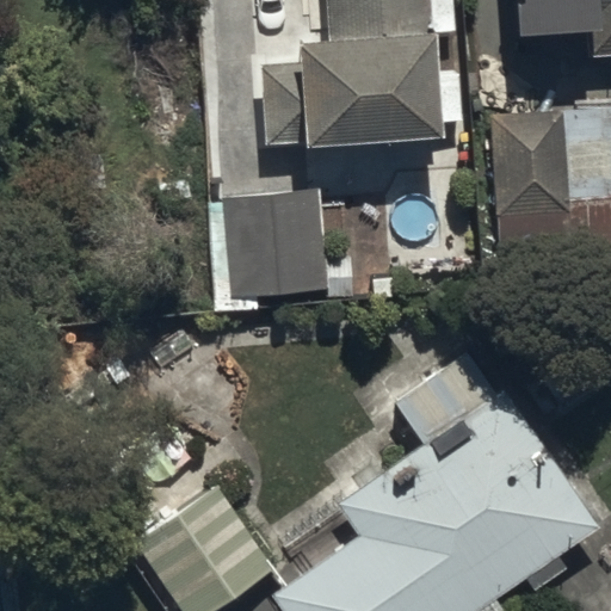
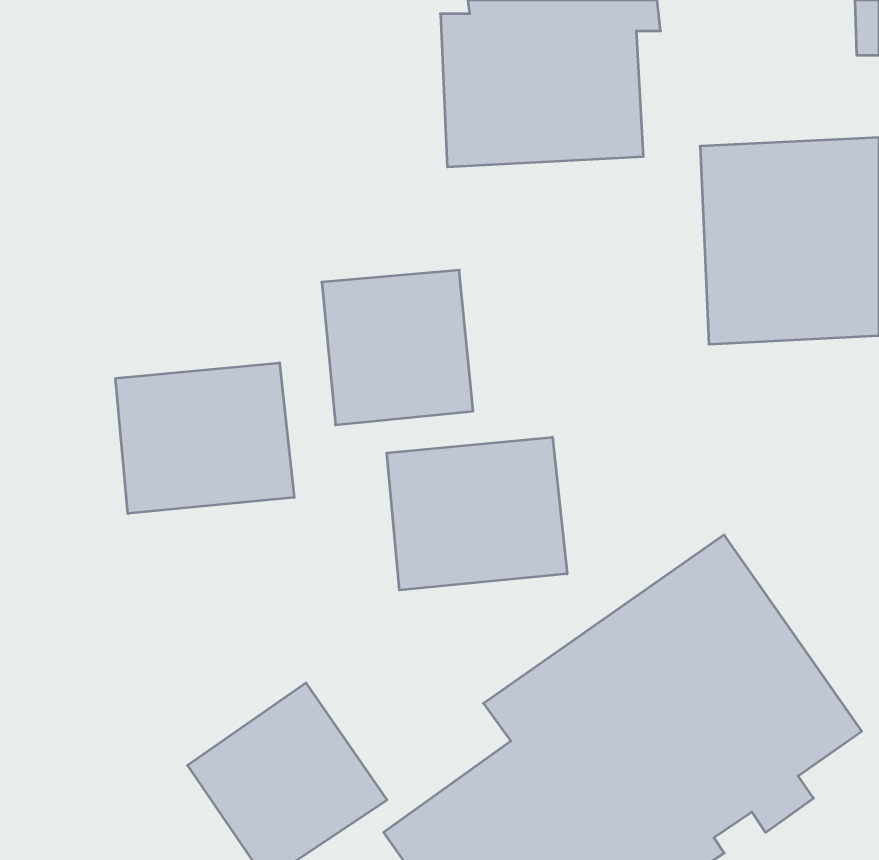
building: none -> [116,363,294,514]
building: none -> [387,437,567,590]

